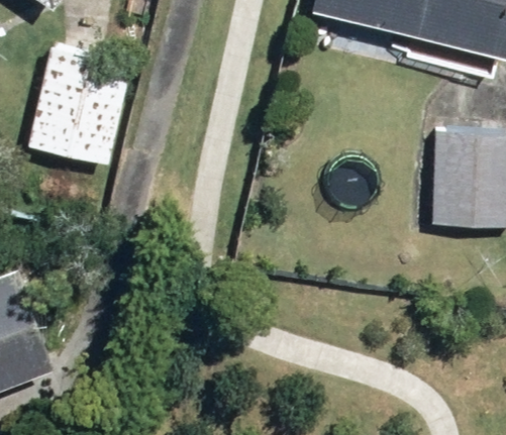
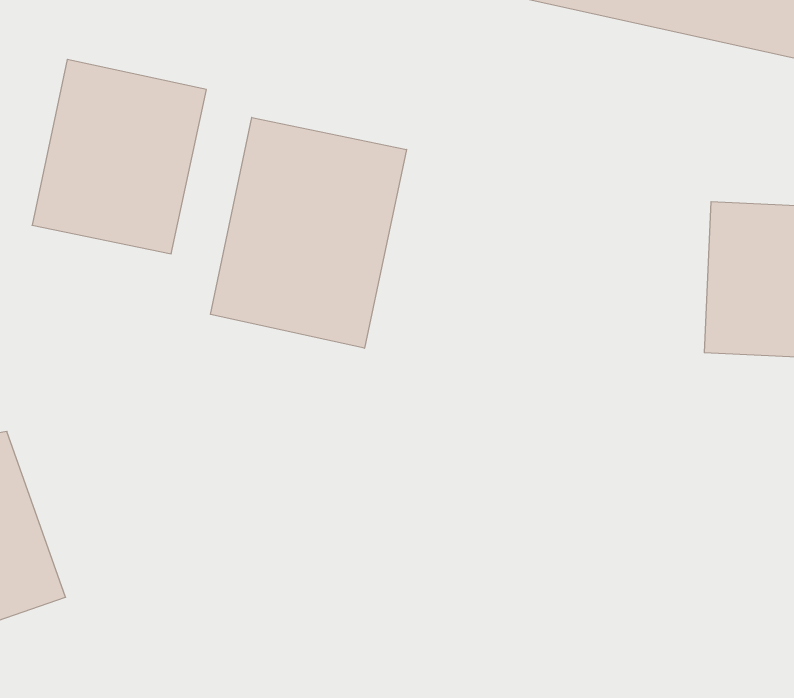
building: none -> [210,117,407,348]

